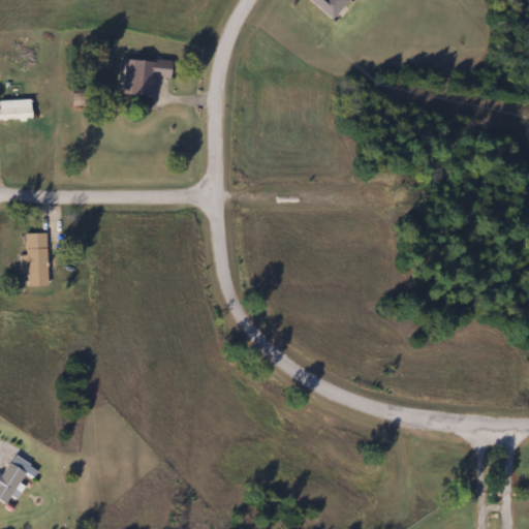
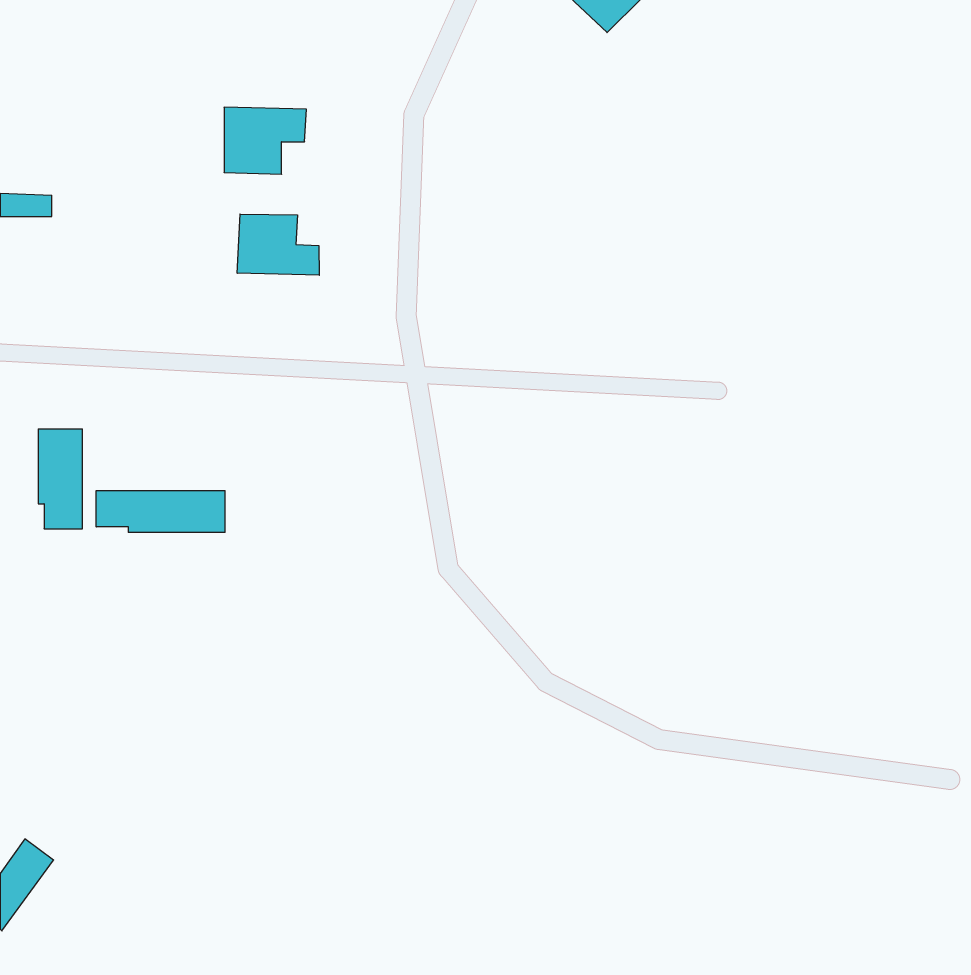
building: none -> [237,214,319,275]
building: none -> [96,491,225,532]

